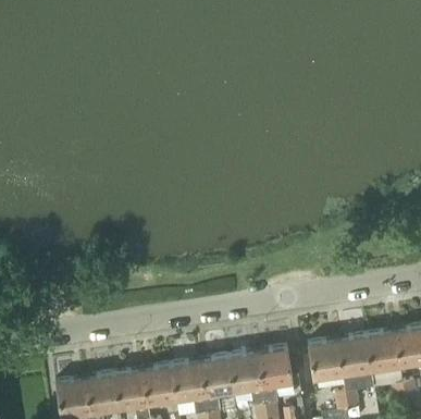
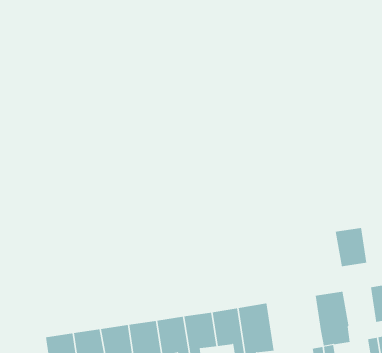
building: [366,332,399,373] -> [335,227,367,267]
building: [307,341,342,382] -> none

